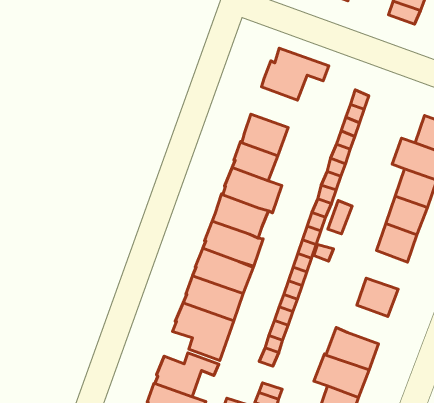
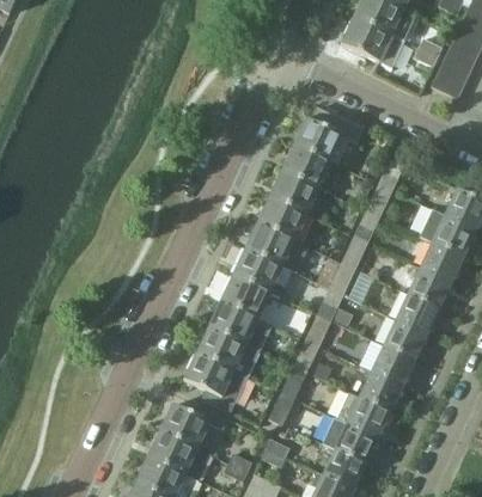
building: none -> [285,143,332,186]
building: none -> [384,318,427,358]
building: none -> [360,370,402,411]

